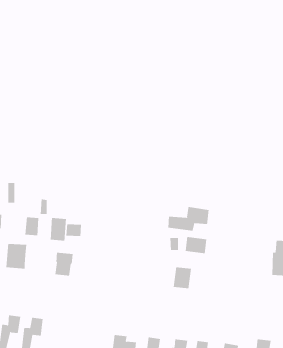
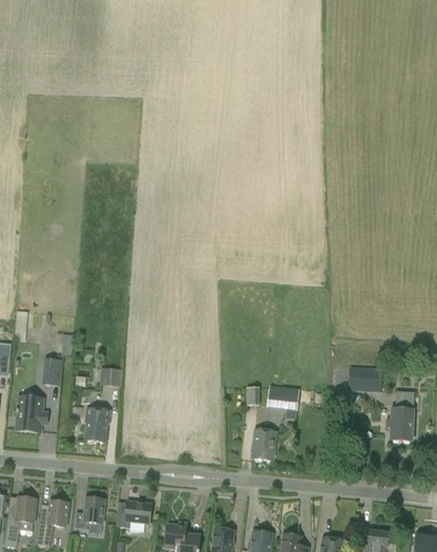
building: [168,206,209,231] -> none
building: [50,217,66,241] -> none
building: none -> [349,361,381,391]
building: none -> [74,498,105,529]
building: none -> [116,501,151,528]

